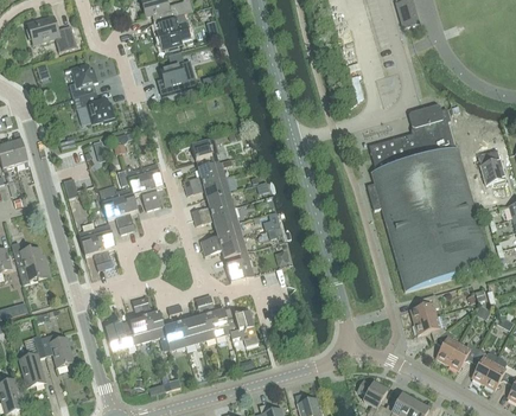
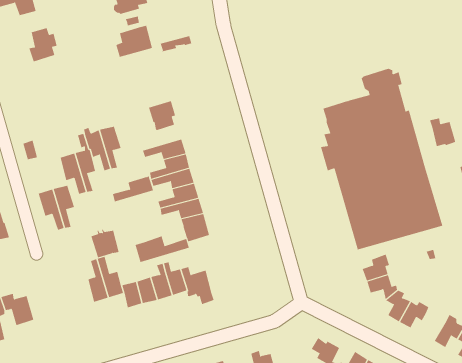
building: [72,90,115,122] -> none
building: [181,160,224,187] -> [112,175,154,202]
building: none -> [135,236,189,263]
building: [104,319,134,348] -> [91,229,120,258]
building: [470,347,497,382] -> none

